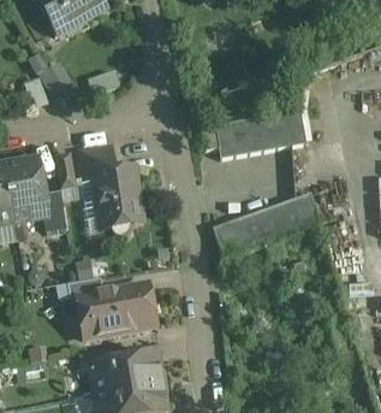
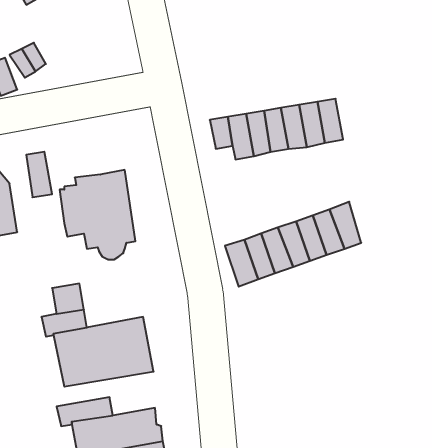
building: [79,144,114,178] -> none

